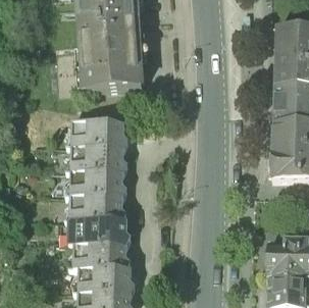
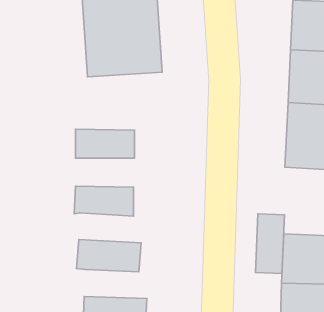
building: [71,114,125,141] -> none
building: [71,166,125,193] -> none
building: [74,216,133,244] -> none
building: none -> [256,214,284,274]
building: [80,268,138,295] -> none

